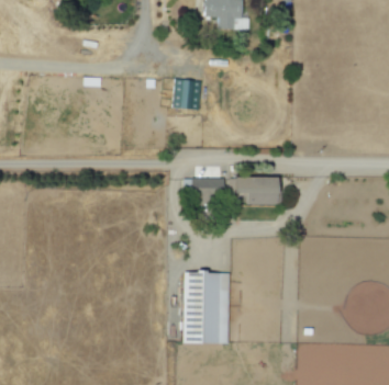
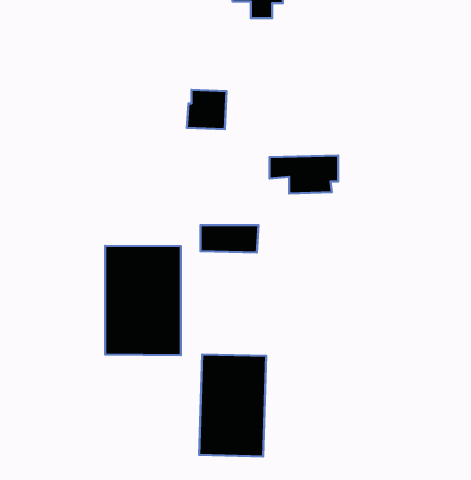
building: [232,177,281,204] -> [270,156,338,194]
building: none -> [105,246,181,355]

